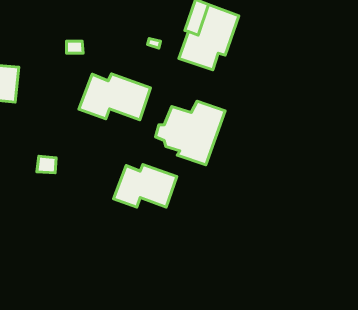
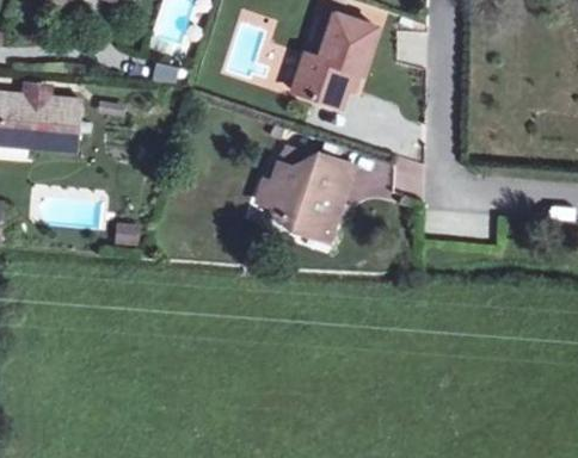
building: [79,74,151,120] -> none
building: [114,165,177,207] -> none

